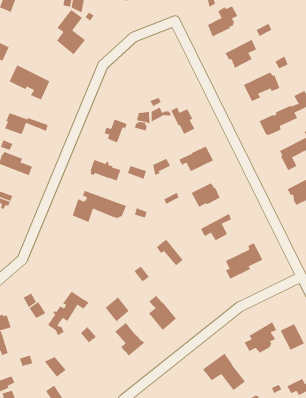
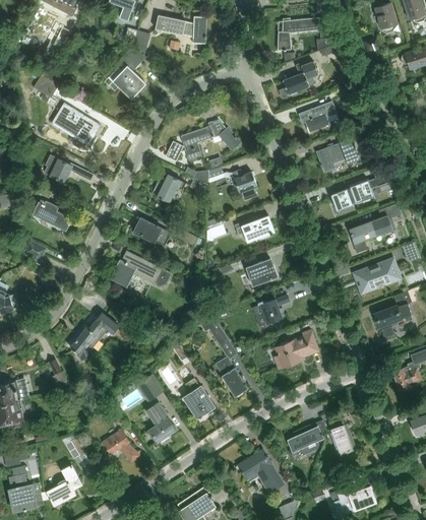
building: none -> [166,121,240,161]
building: none -> [217,359,247,395]
building: [47,291,89,336] -> [70,312,120,361]
building: none -> [102,431,138,462]

